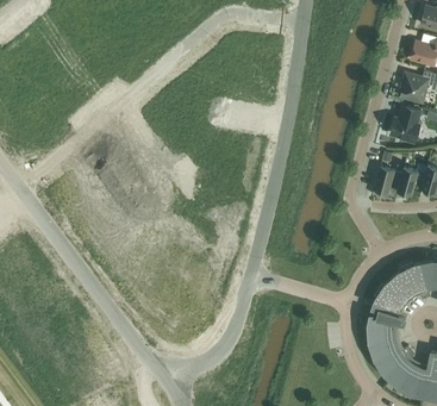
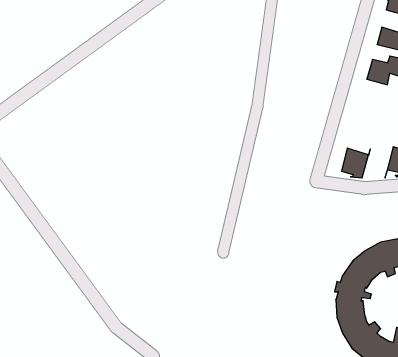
building: [389,107,422,144] -> none
building: [395,165,427,198] -> none

